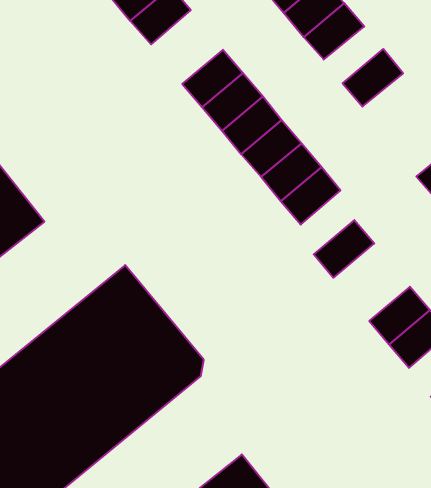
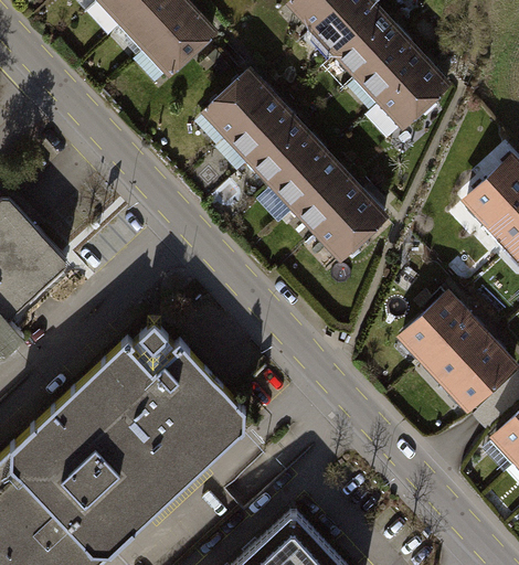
building: none -> [359,39,423,102]
building: [314,220,374,278] -> [402,295,467,359]

